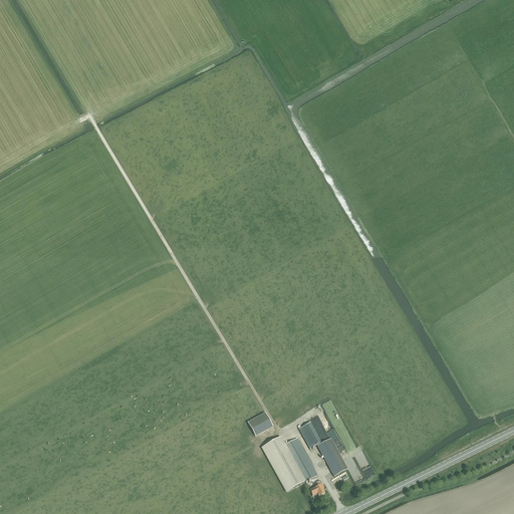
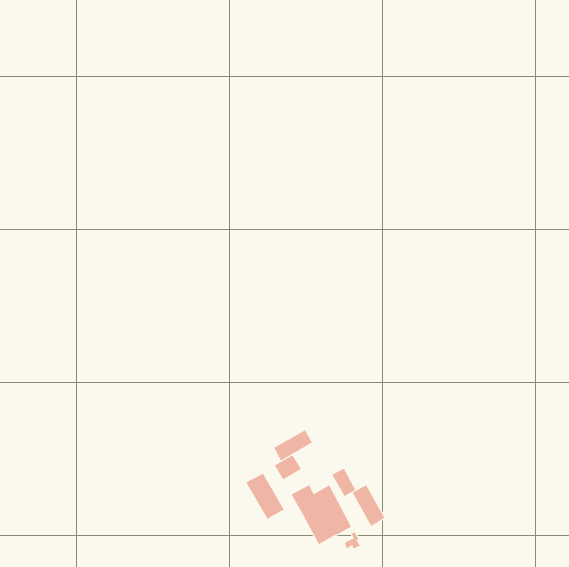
building: none -> [273,429,313,462]
building: none -> [246,473,284,520]

